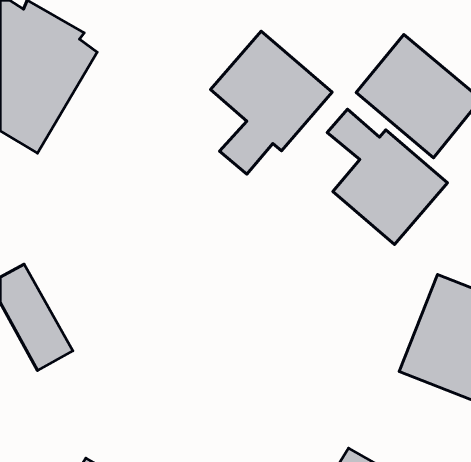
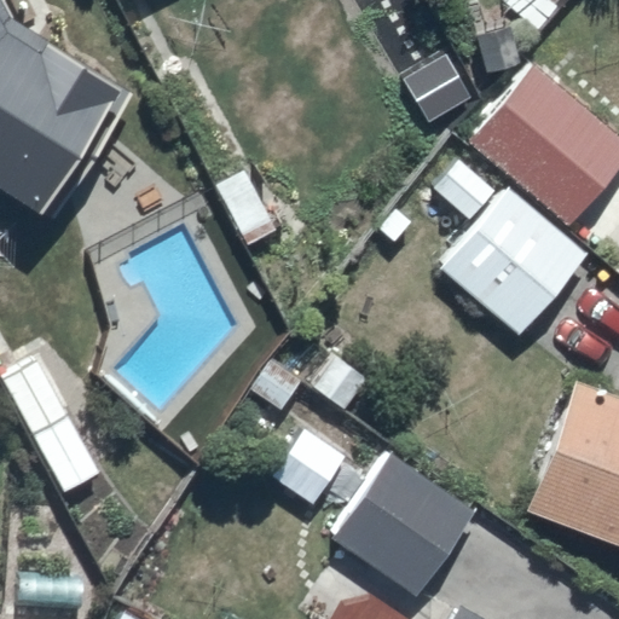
building: [211,31,332,174] -> none
building: none -> [329,451,474,596]

